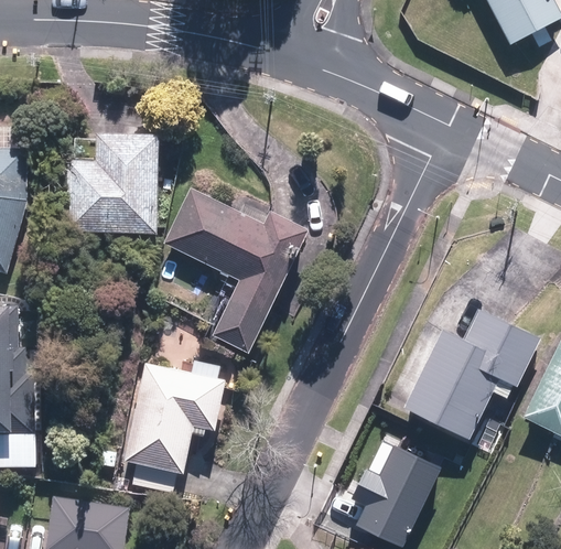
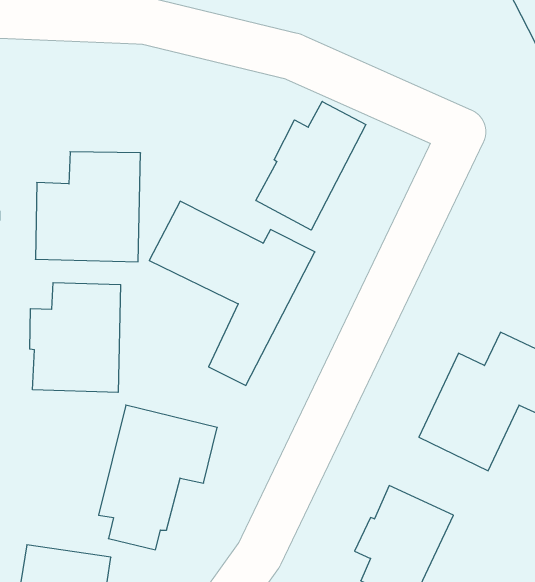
building: none -> [256,101,366,230]
building: none -> [30,283,121,392]

